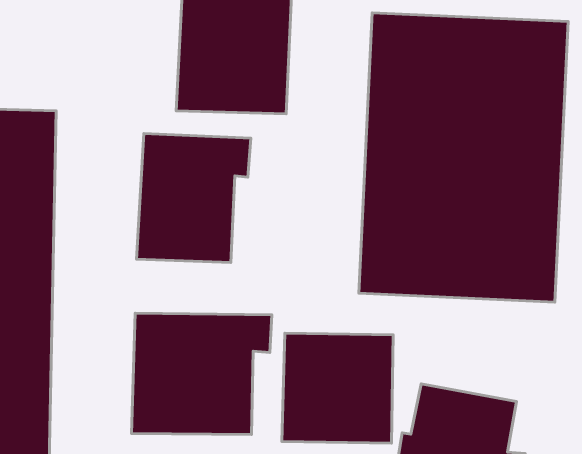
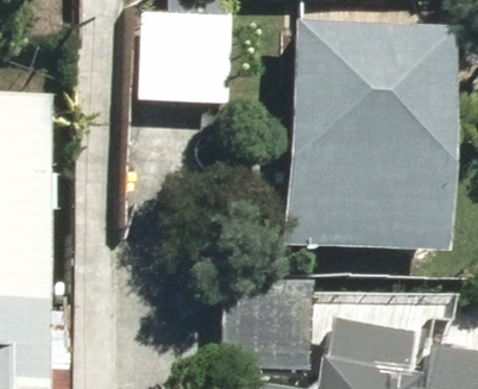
building: [137,133,251,262] -> none
building: [132,313,272,434] -> none

